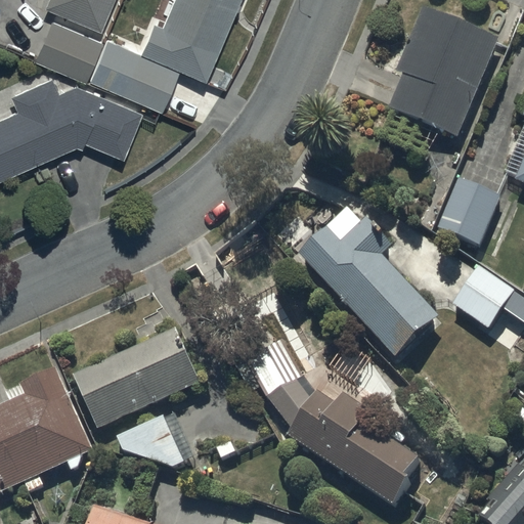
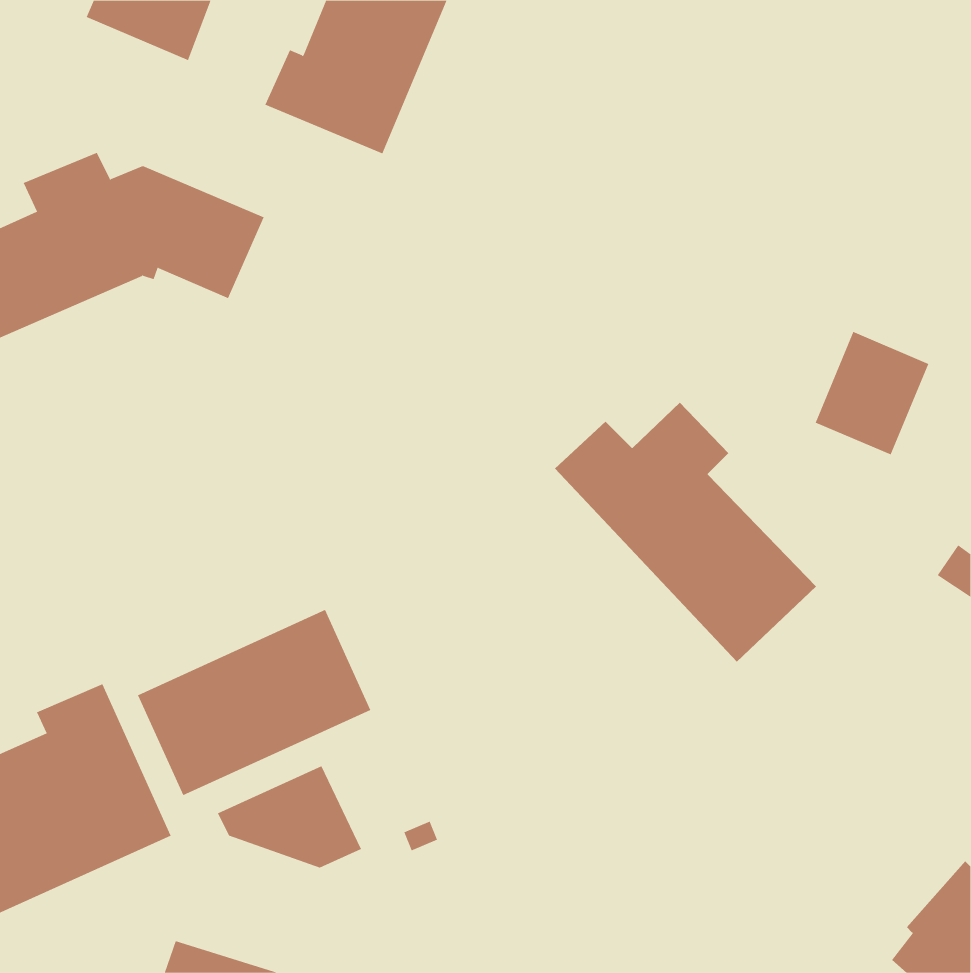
building: [389,6,498,135] -> none
building: [35,24,102,84] -> none
building: [91,43,179,114] -> none
building: [452,266,514,328] -> none
building: [245,340,418,504] -> none

